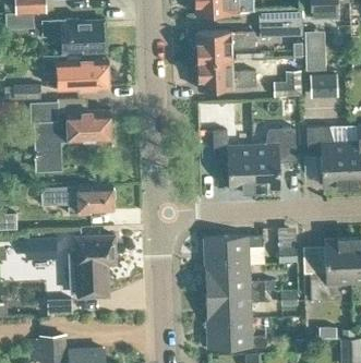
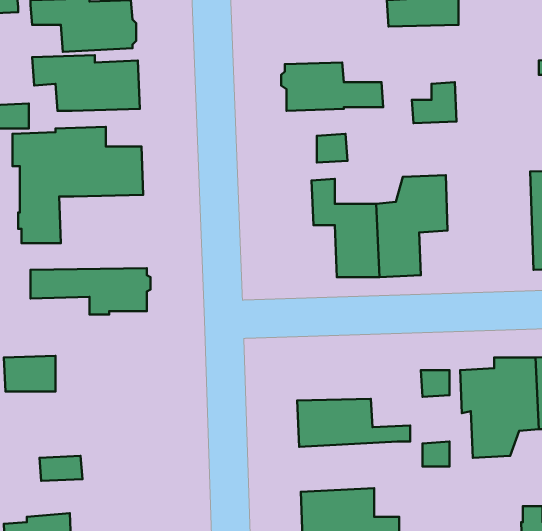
building: [306,29,330,70] -> none
building: [193,32,254,61] -> none
building: [310,74,338,99] -> none
building: [306,126,348,187] -> none
building: [203,235,263,266] -> none
building: [69,237,115,300] -> none
building: [205,291,265,322] -> none

